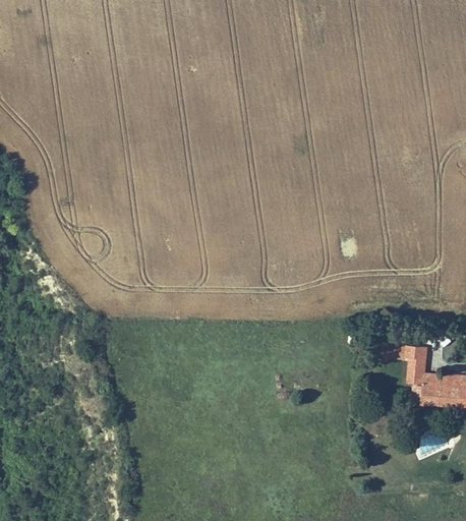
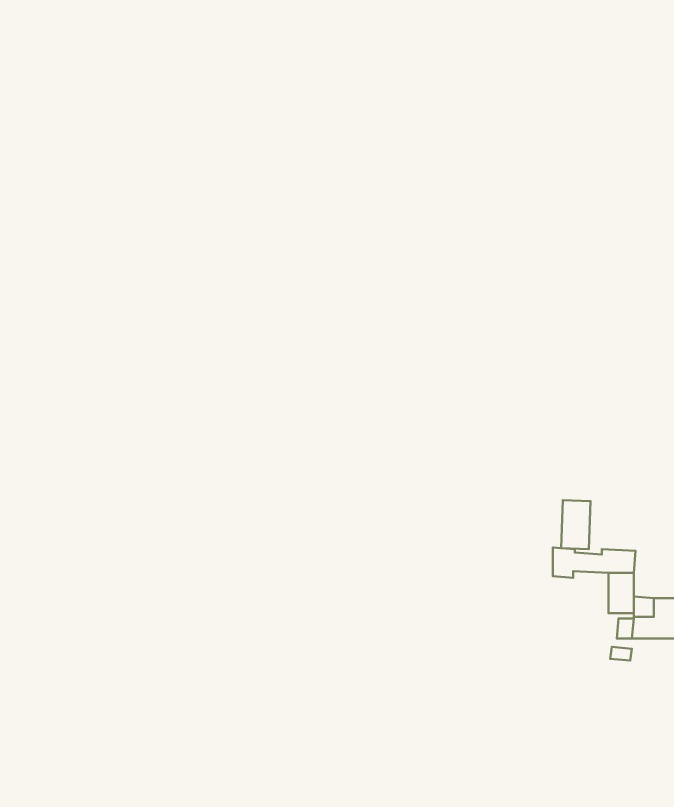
building: none -> [561,500,590,549]

